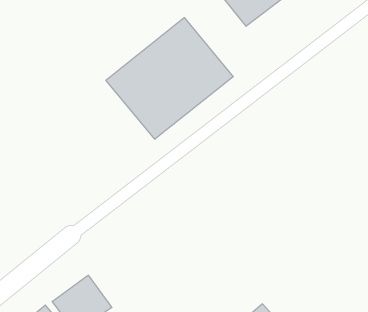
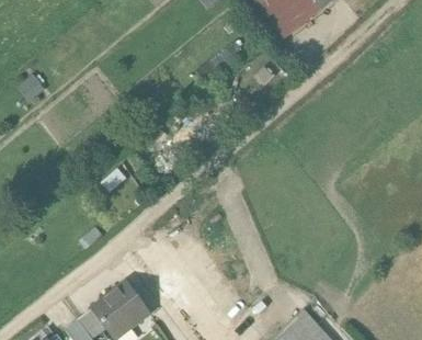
building: [106,18,233,139] -> none

